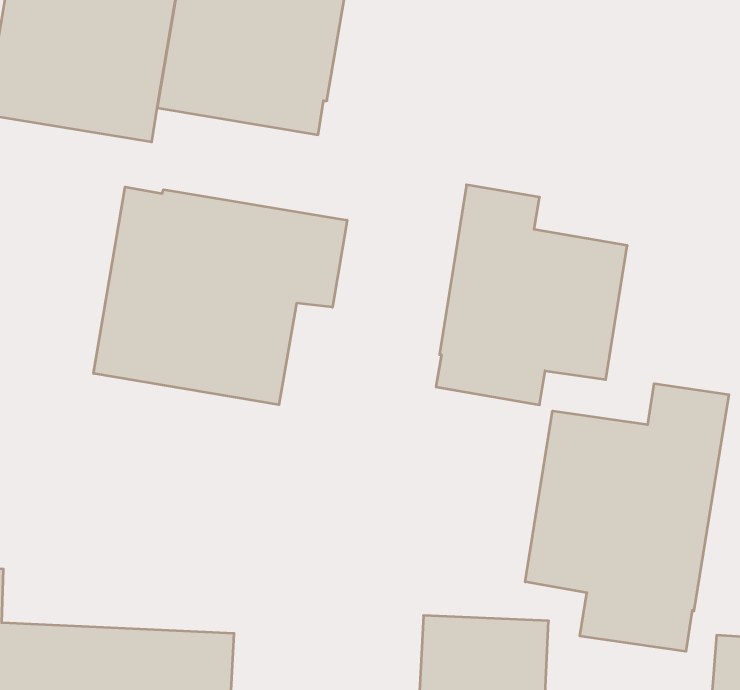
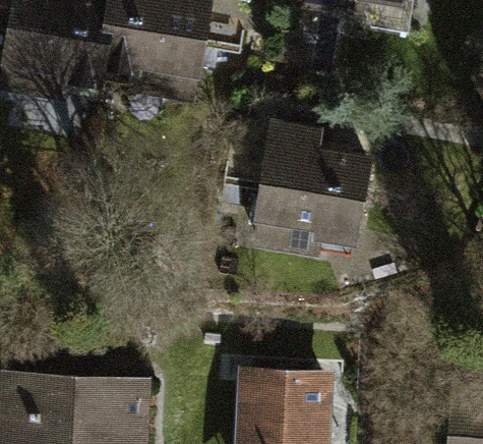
building: [94,187,347,405] -> none
building: [525,384,729,651] -> none

